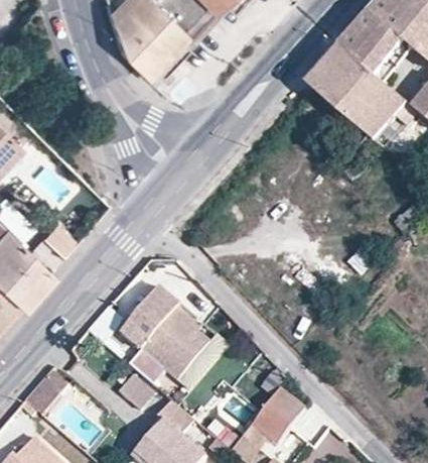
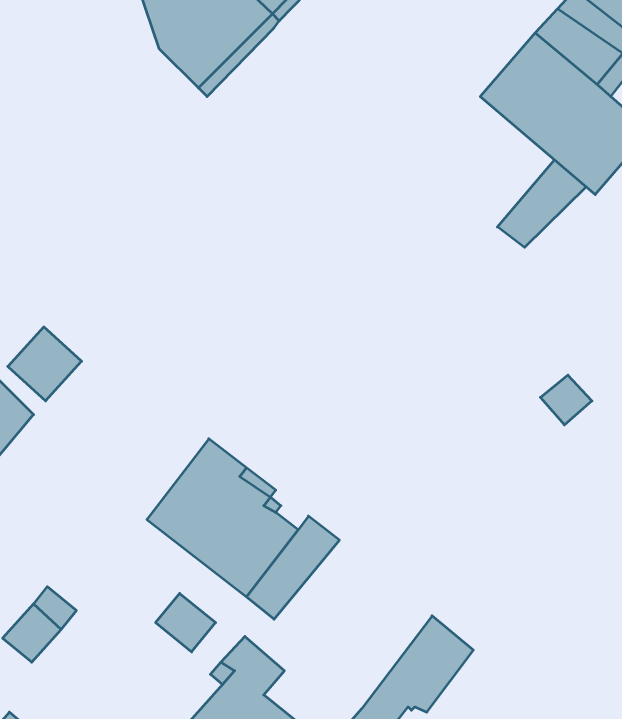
building: none -> [497,160,586,247]

